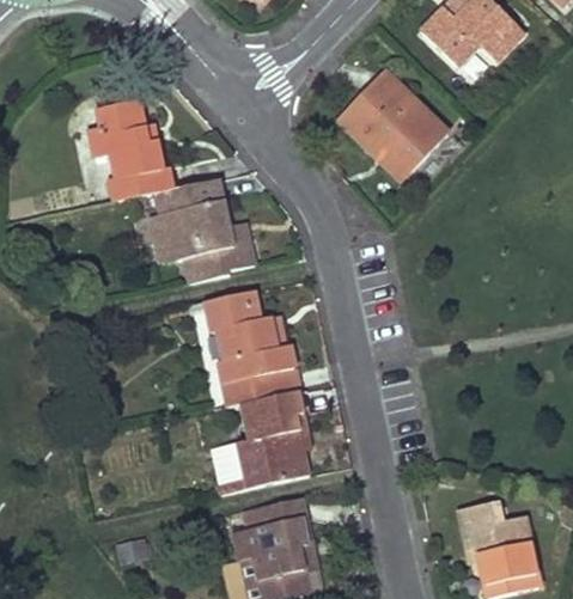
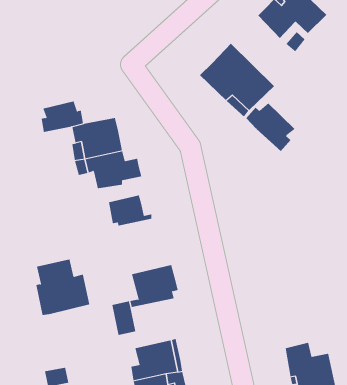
building: [90,102,158,164] -> none
building: none -> [245,102,295,152]
building: [220,323,299,404] -> [35,259,90,315]
building: [240,438,311,485] -> none

